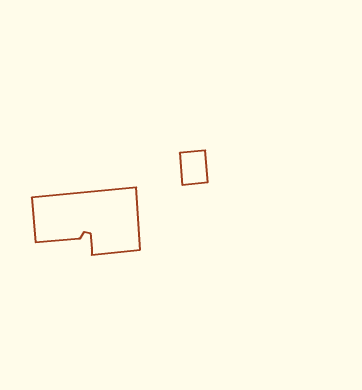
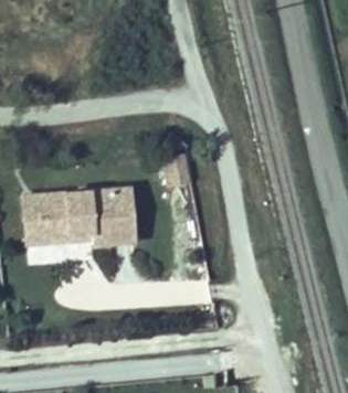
building: none -> [21,195,89,244]

